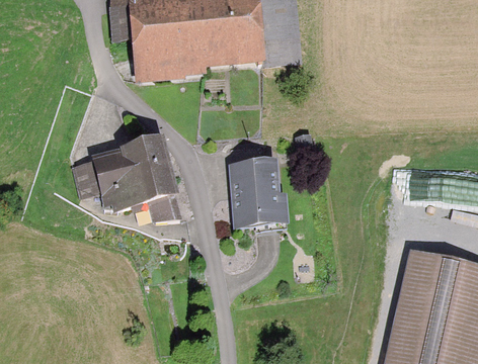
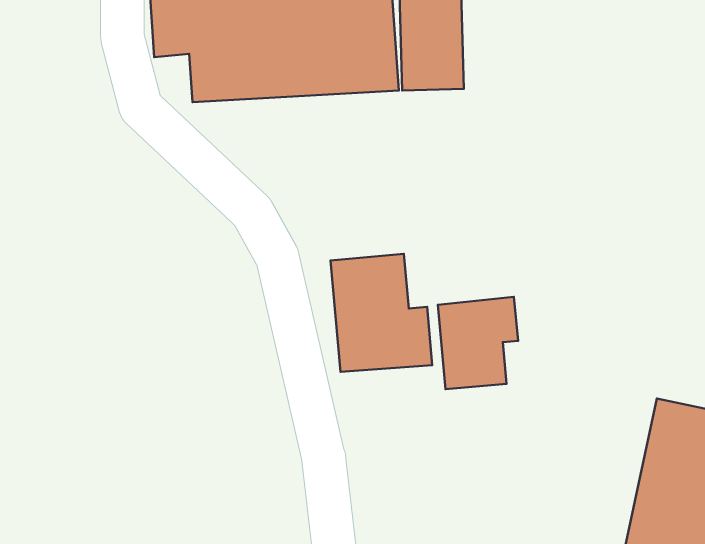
building: [66,134,179,233] -> none
building: none -> [438,297,518,389]

